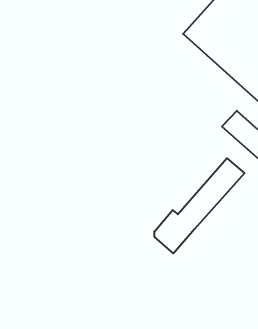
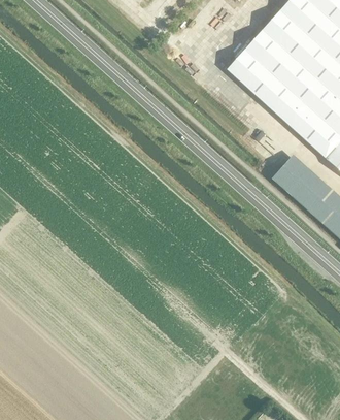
building: [154,158,244,253] -> none

